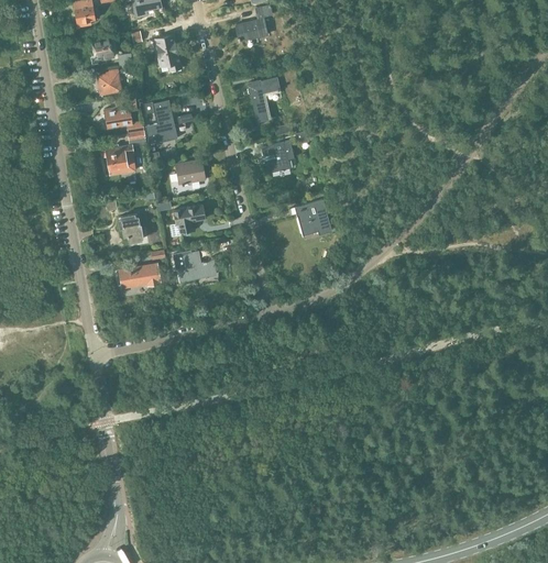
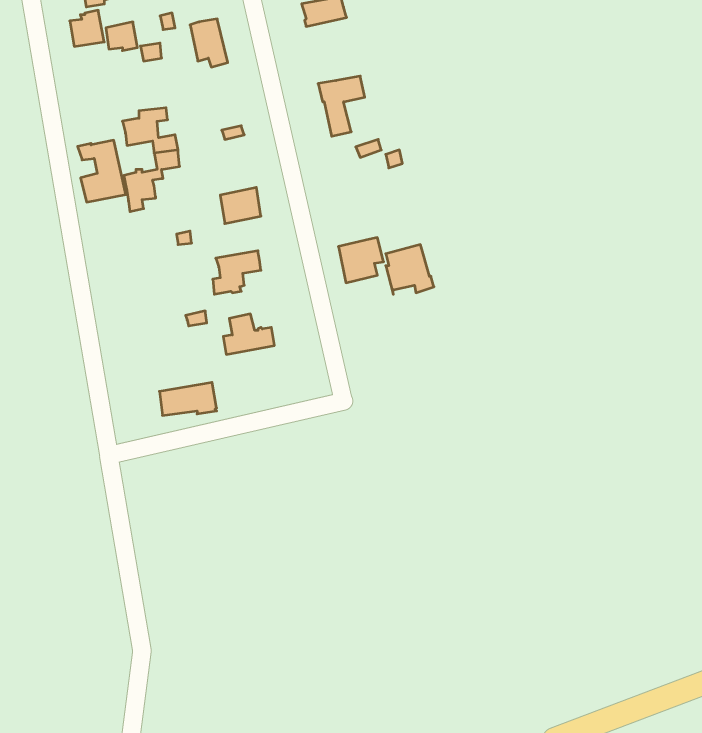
building: [97,68,122,95] -> [70,10,104,46]
building: [142,99,177,144] -> [78,140,126,202]
building: [261,141,294,174] -> [338,238,384,283]
building: [118,213,143,242] -> none
building: [119,263,161,287] -> [159,382,217,415]

